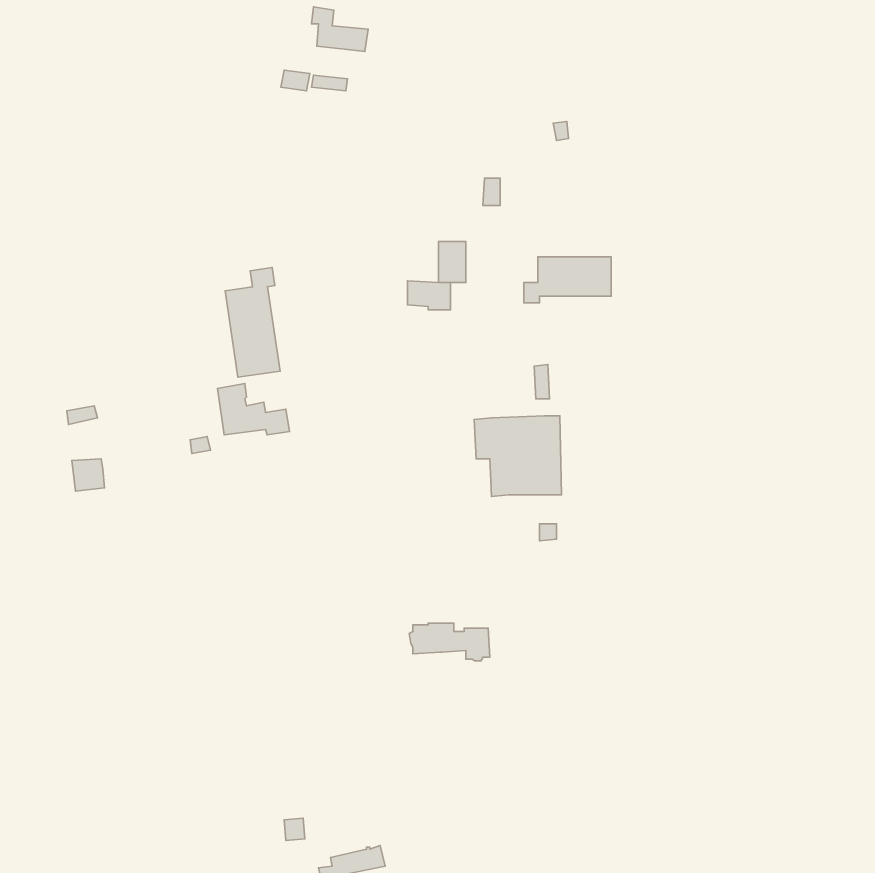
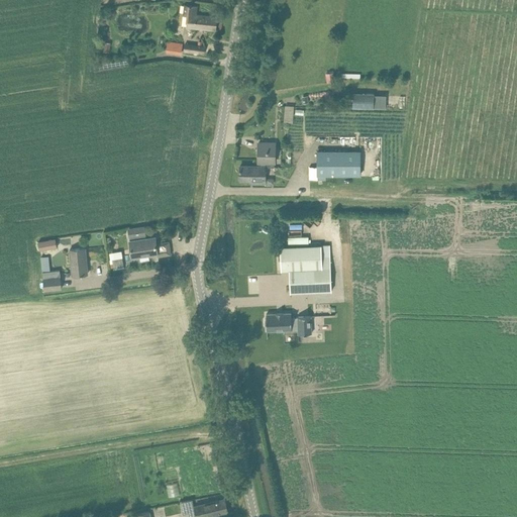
building: none -> [354,93,388,109]
building: [225,268,280,377] -> none
building: none -> [70,248,88,277]
building: [409,623,490,661] -> [265,314,312,336]

